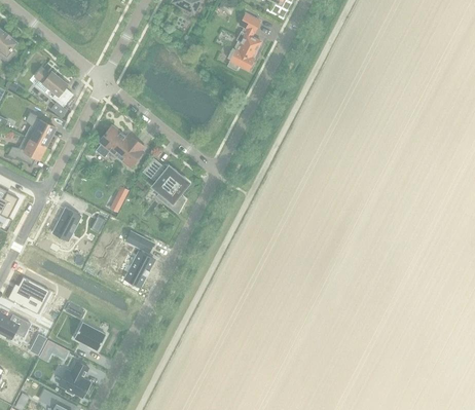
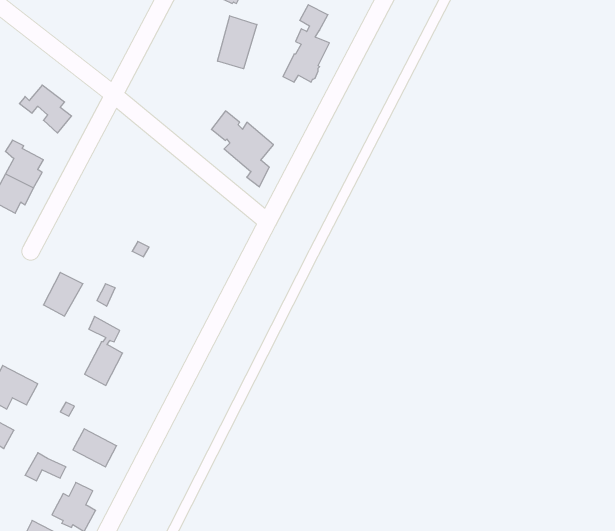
building: none -> [218,16,257,69]
building: [96,124,144,166] -> none
building: [142,157,187,213] -> [211,111,273,187]
building: [125,232,153,283] -> [85,316,123,385]

